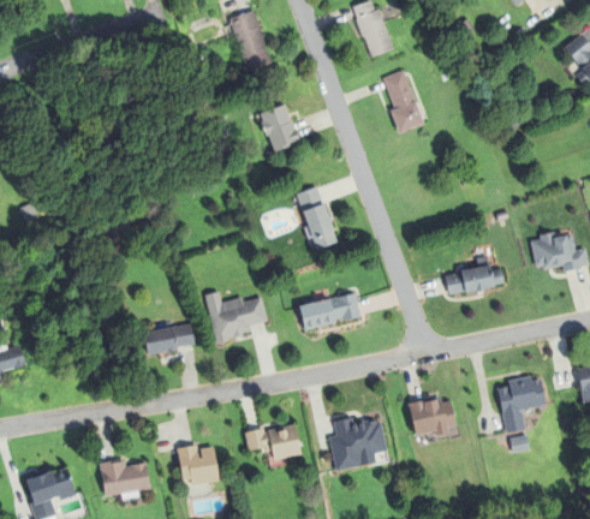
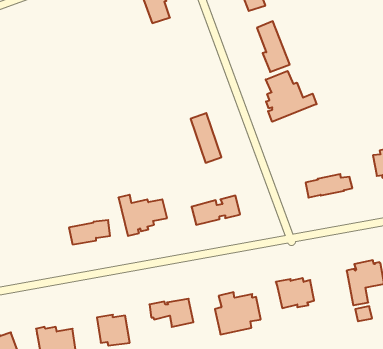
building: [260,103,298,151] -> none
building: none -> [266,71,317,122]

